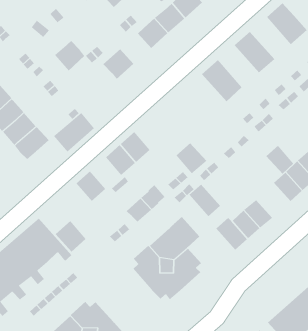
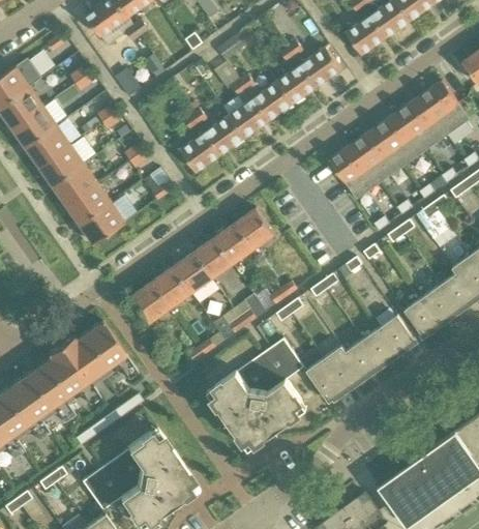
building: none -> [396,97,446,152]
building: none -> [229,99,268,138]
building: [54,40,85,71] -> [180,134,219,173]
building: none -> [352,128,401,183]
building: [53,112,95,152] -> none
building: [175,143,207,174] -> [235,209,274,249]
building: [266,145,294,175] -> [380,316,415,354]
building: none -> [173,253,211,293]
building: [189,184,221,217] -> [306,359,346,403]
building: [55,220,86,253] -> [130,282,170,323]

